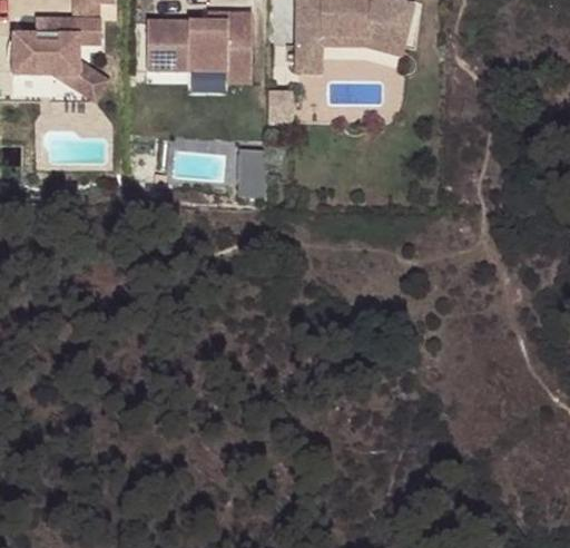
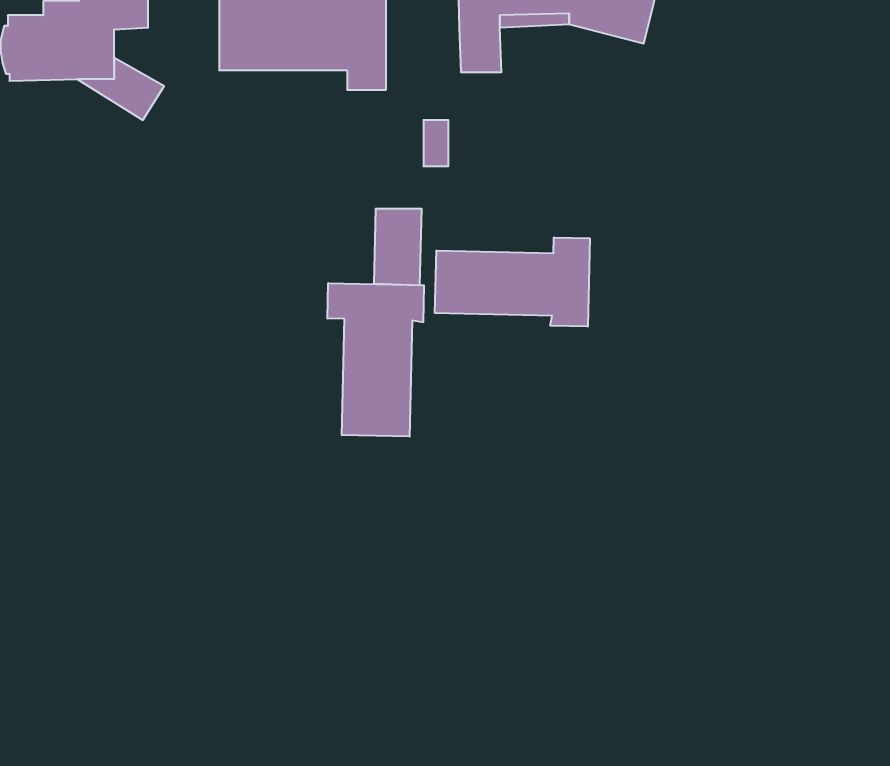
building: none -> [435,237,590,327]
building: none -> [327,283,424,437]

